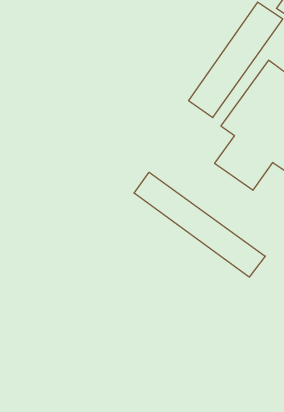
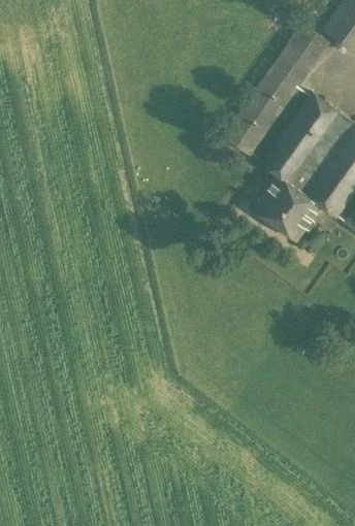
building: [134,172,265,277] -> none

